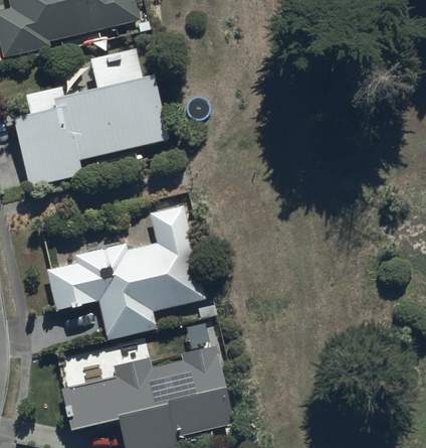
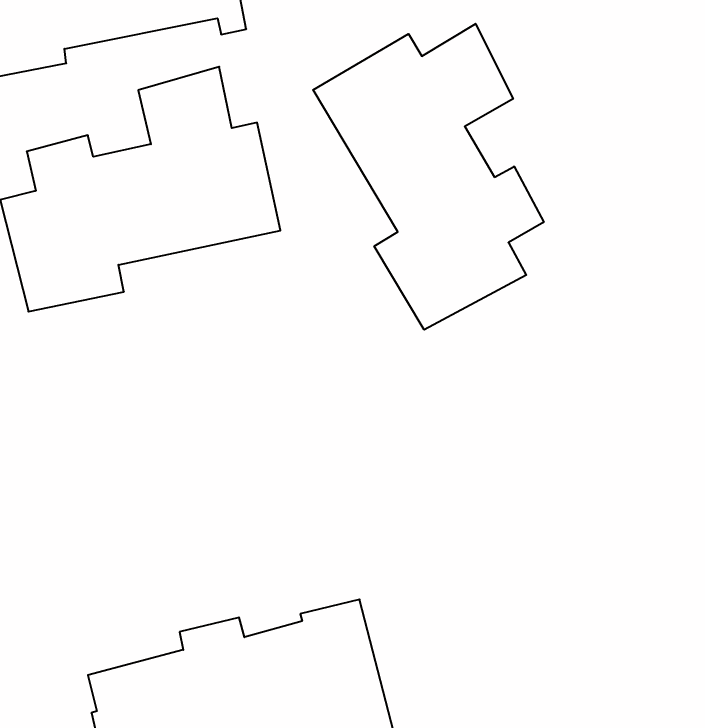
building: none -> [313,24,544,330]
building: [46,201,215,338] -> none

